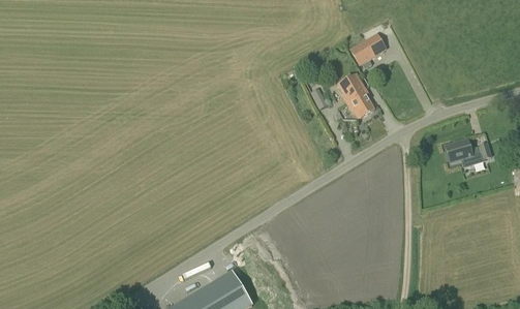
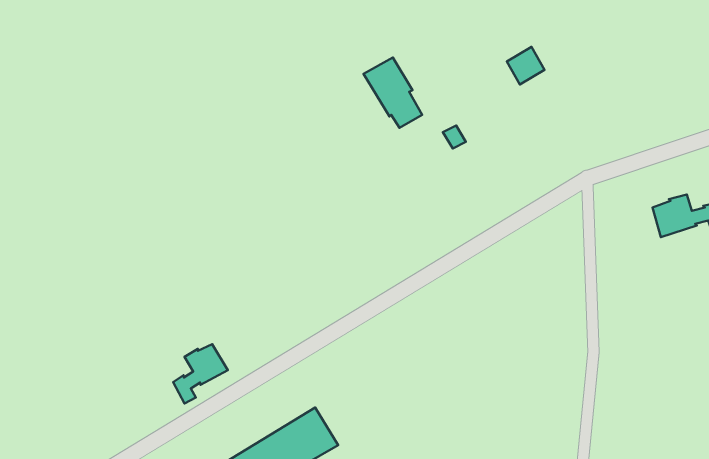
building: [338,71,375,116] -> [363,57,422,128]
building: none -> [173,344,228,404]

